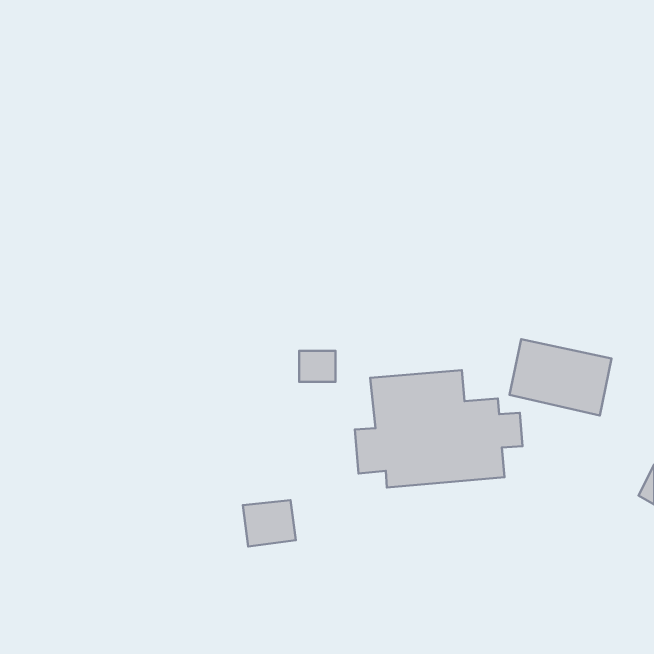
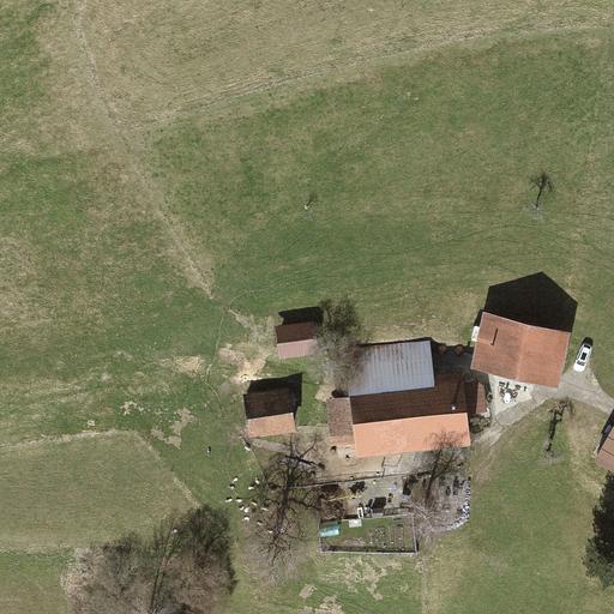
building: [243,500,296,546] -> [245,395,294,438]

